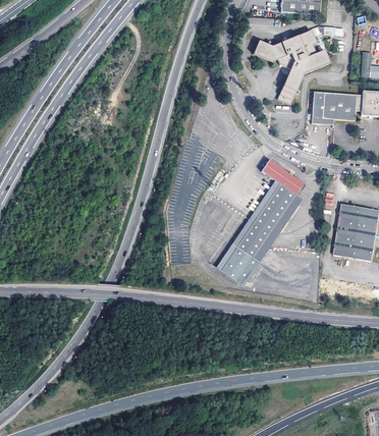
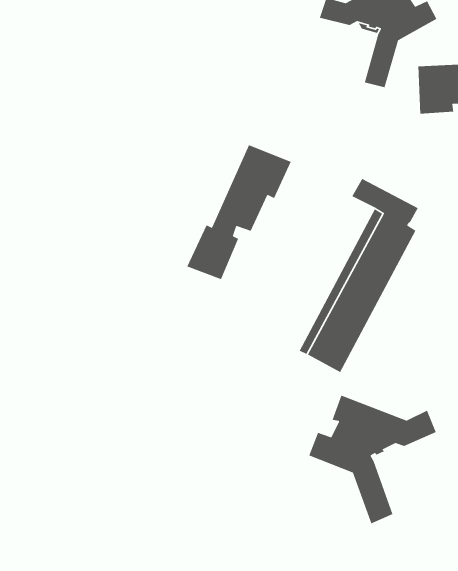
building: none -> [186,144,292,280]
building: none -> [308,394,437,525]

